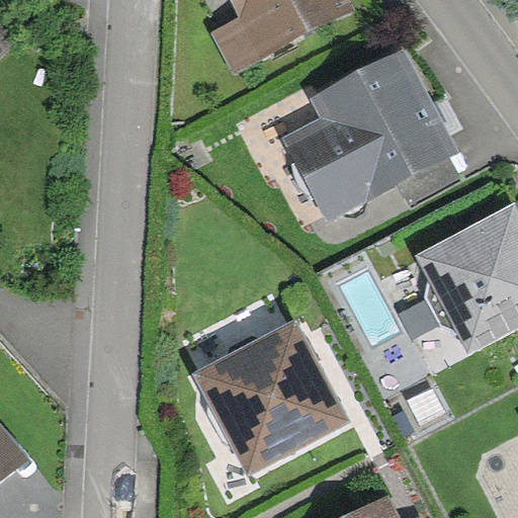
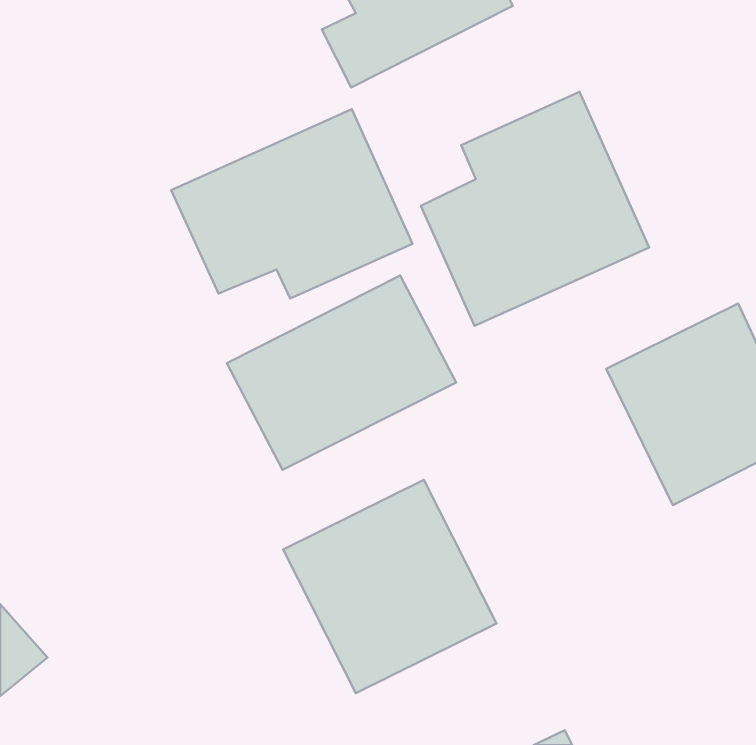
building: none -> [171,109,413,299]
building: none -> [227,275,456,470]

